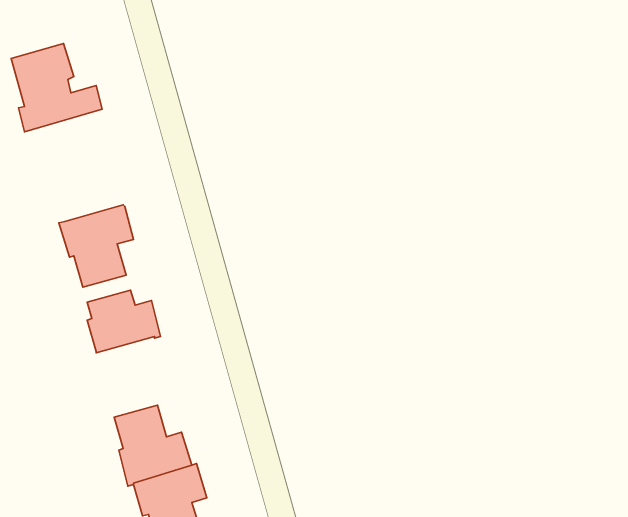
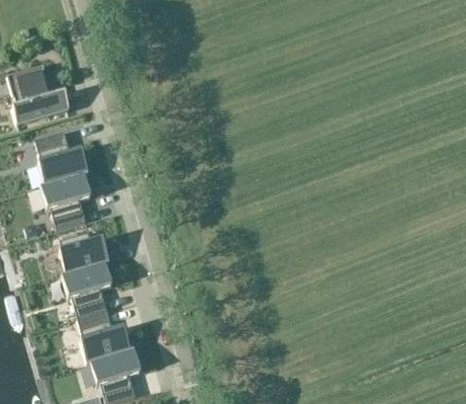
building: none -> [35,132,88,185]
building: none -> [62,263,112,318]

